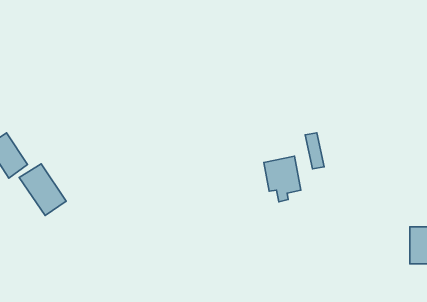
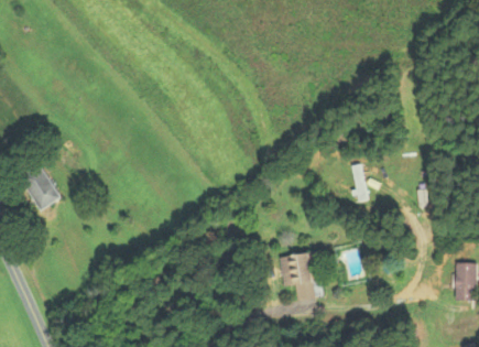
building: [264,156,301,202] -> [282,251,320,299]
building: [19,164,66,215] -> none

